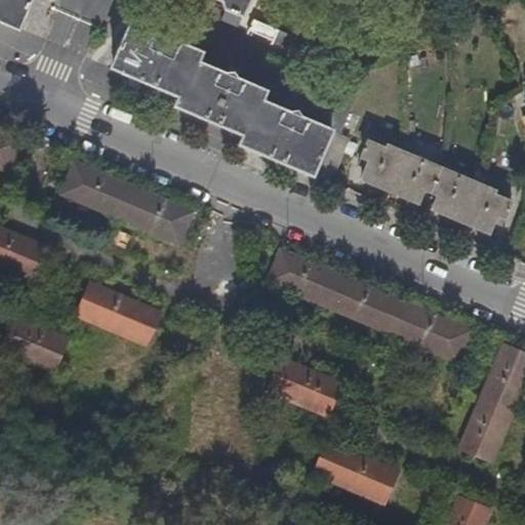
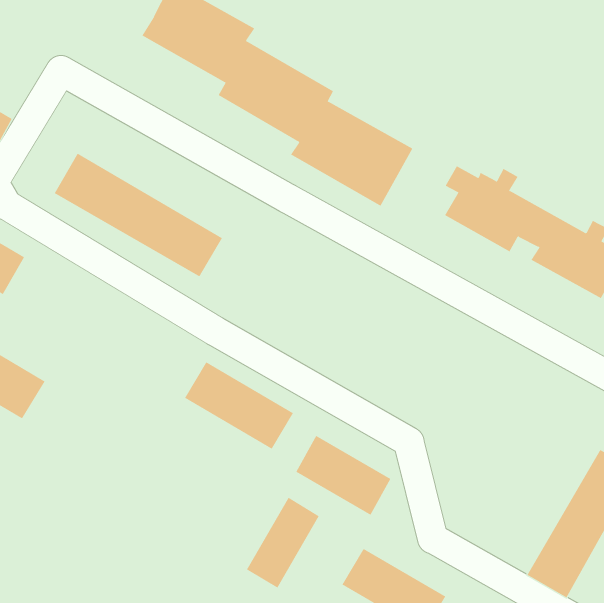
building: [270,252,470,365] -> none
building: [78,284,163,346] -> [184,361,294,450]
building: none -> [246,497,319,589]

